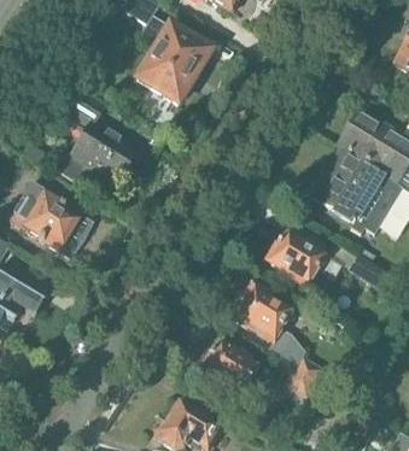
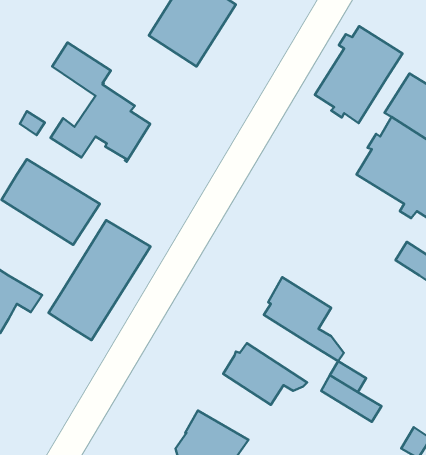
building: none -> [315,26,402,123]
building: [265,233,341,292] -> none
building: none -> [49,220,151,340]

